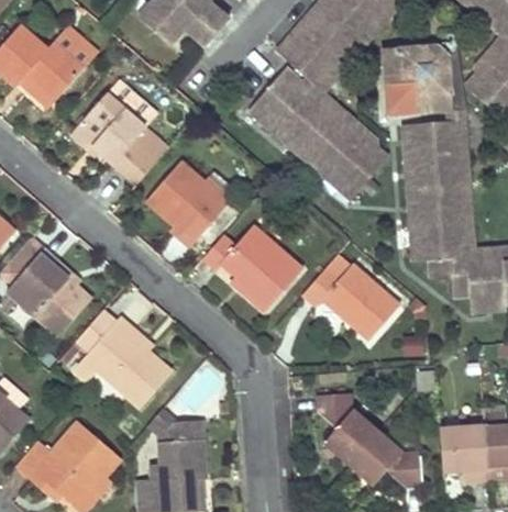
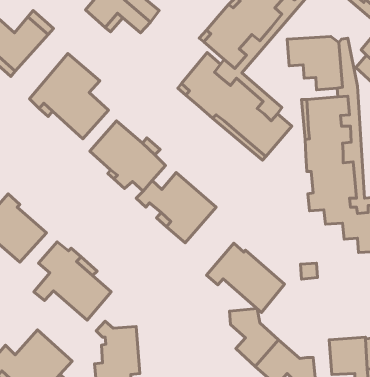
building: [300,253,397,338] -> [206,243,285,312]

